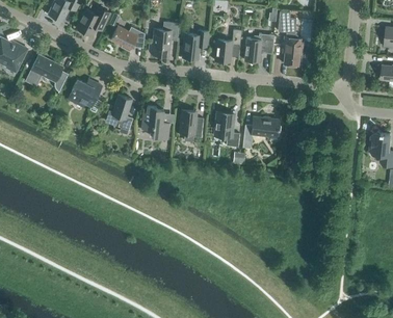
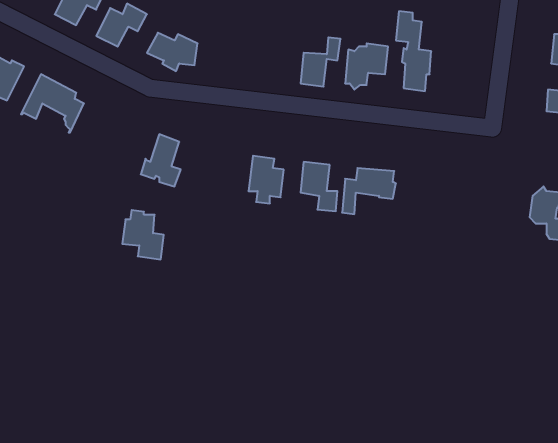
building: [149,22,179,56] -> none
building: [182,30,209,59] -> none
building: [68,79,102,107] -> none
building: [141,106,169,139] -> [122,210,164,259]

